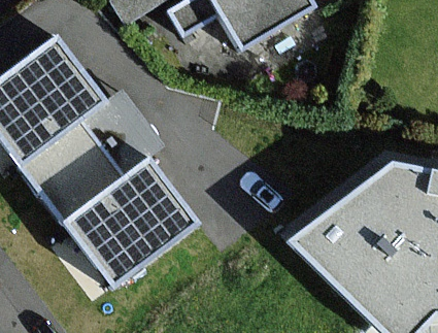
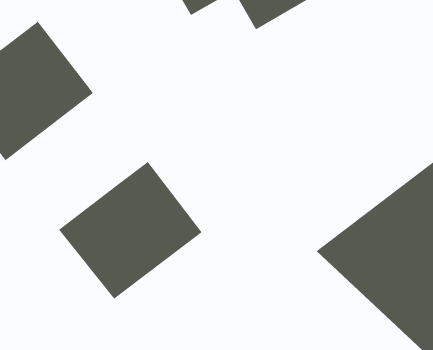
building: [23,121,123,222] -> none

